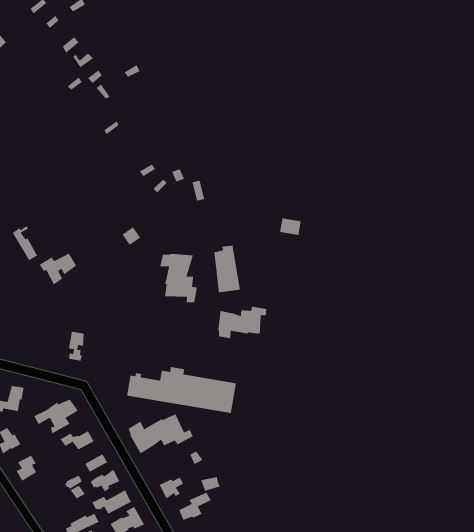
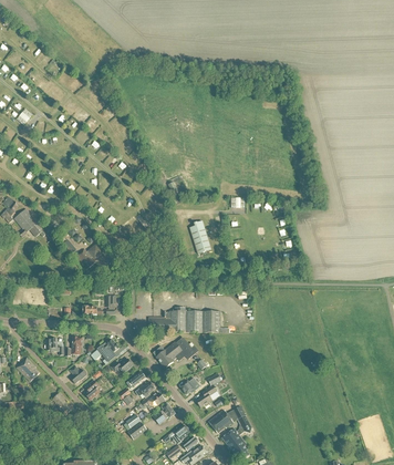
building: [159,253,198,303] -> none
building: [218,306,267,339] -> none

